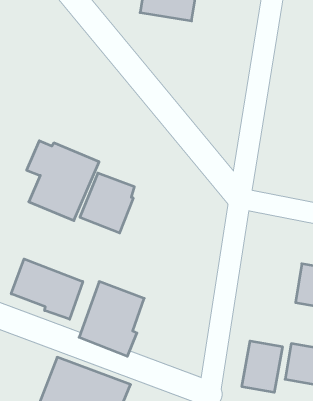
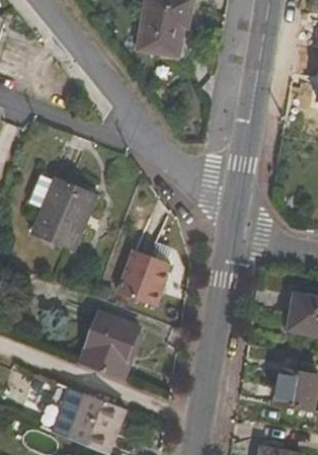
building: [80,173,134,233] -> [116,249,169,307]
building: [11,259,83,319] -> none
building: [242,341,282,392] -> none

